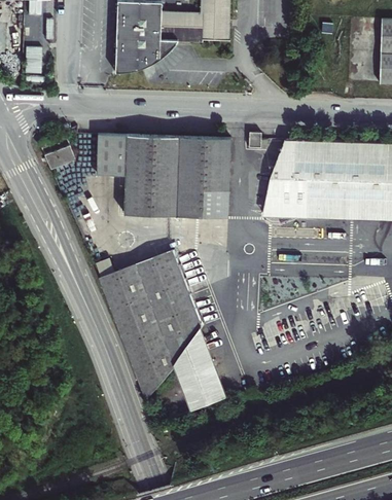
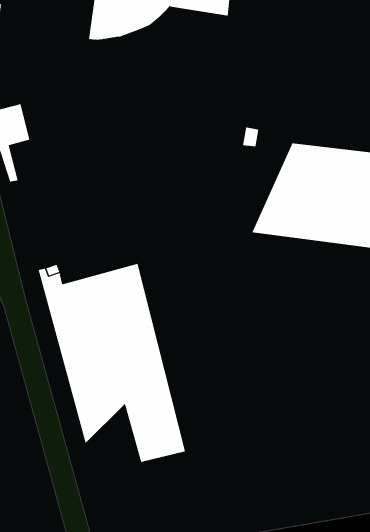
building: [99,132,231,215] -> none

